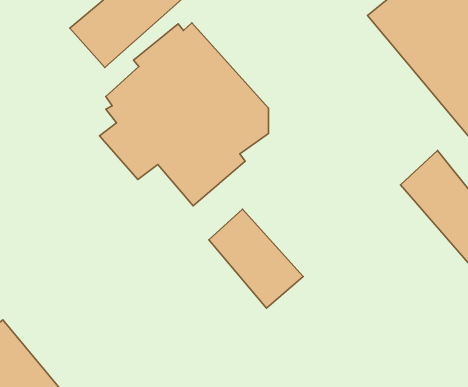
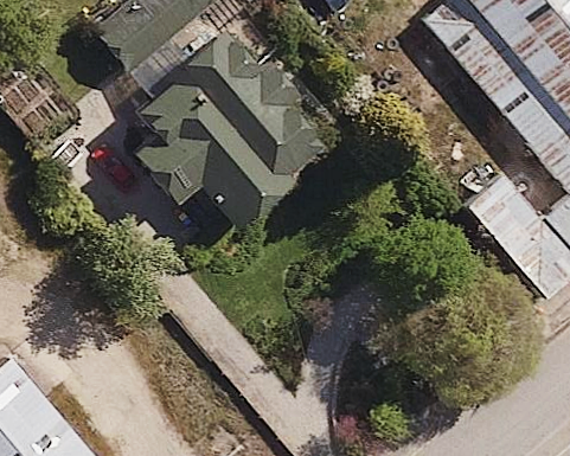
building: [209,209,303,308] -> none

